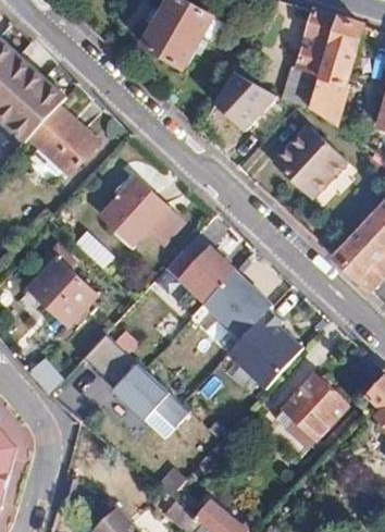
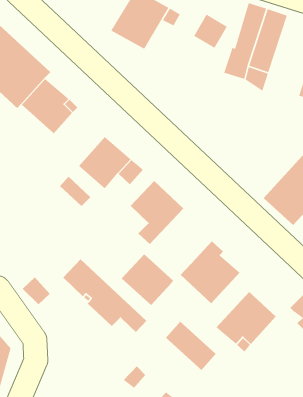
building: [215,75,259,120] -> [193,14,228,49]
building: [273,125,347,199] -> none
building: [25,258,96,329] -> none
building: [203,272,271,338] -> [121,253,174,306]
building: none -> [165,321,217,371]

